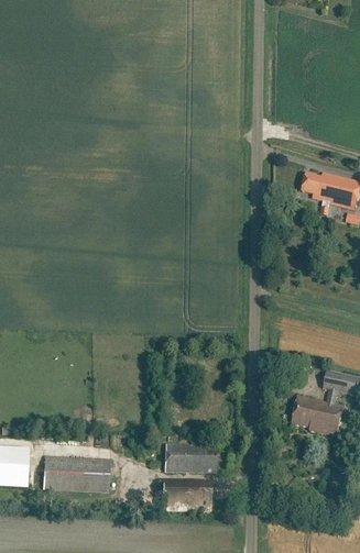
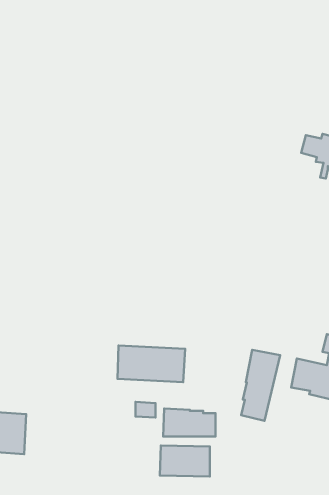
building: none -> [241,350,280,421]
building: [43,455,110,491] -> [117,345,185,382]

